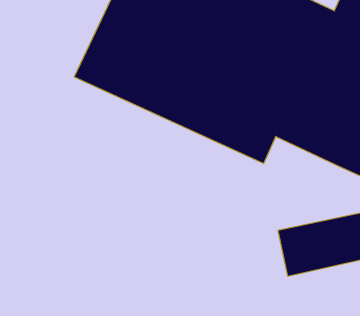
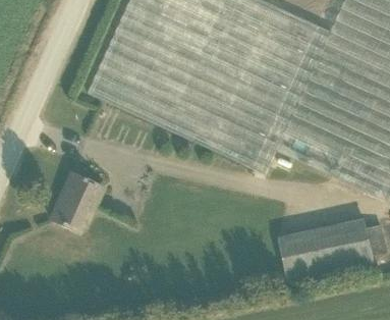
building: none -> [52,170,103,230]

